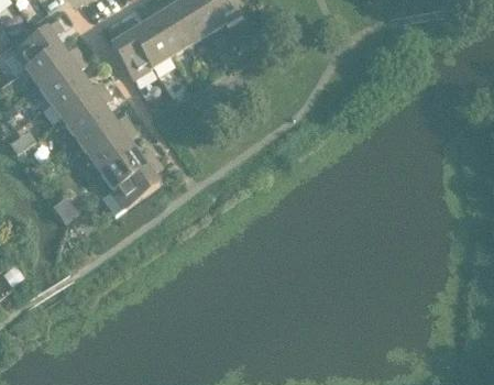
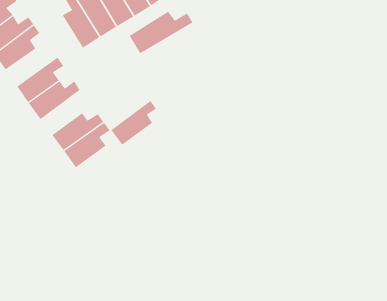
building: none -> [129,11,193,54]
building: [50,79,106,120] -> none
building: [87,123,136,172] -> [111,100,157,146]

